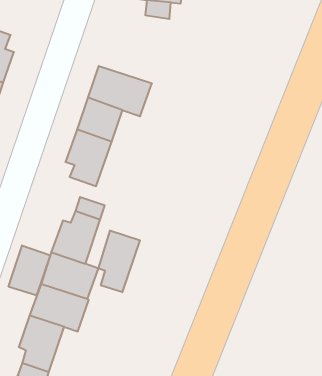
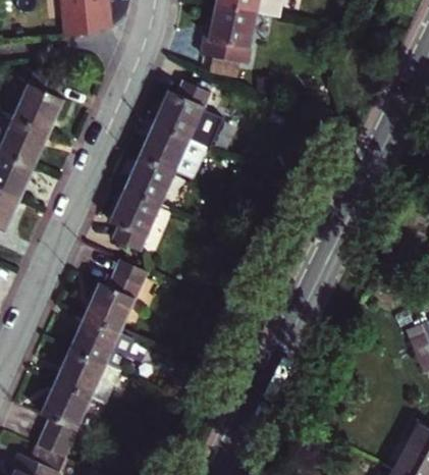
building: none -> [152,82,219,147]
building: [98,230,140,292] -> none
building: [9,245,50,295] -> none

